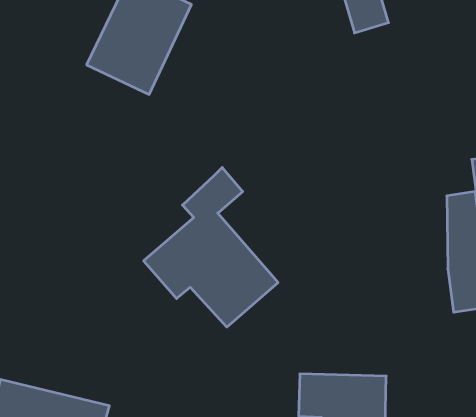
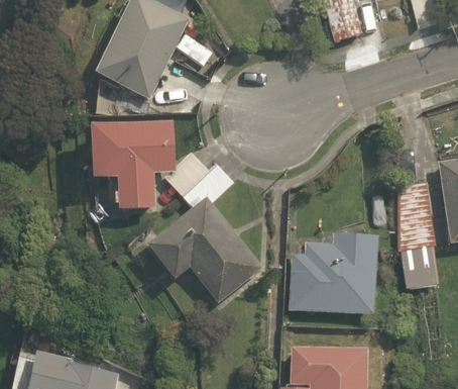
building: none -> [90,121,209,210]
building: none -> [287,230,374,310]

